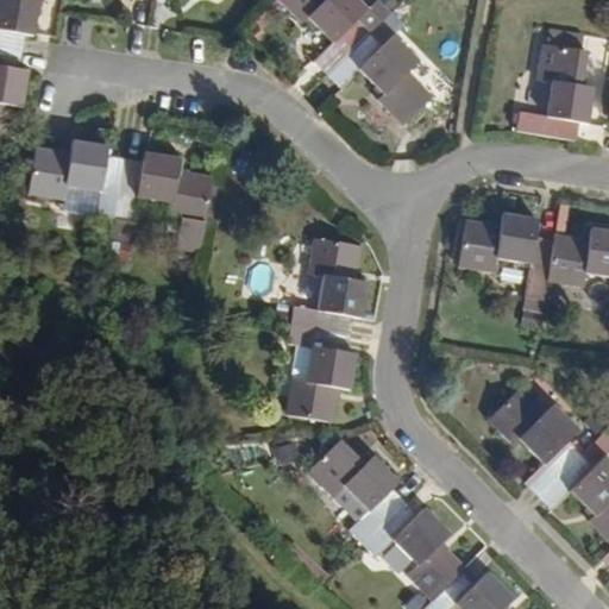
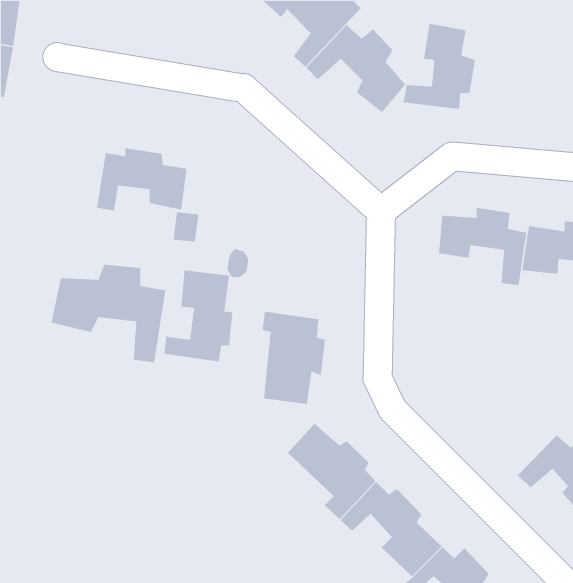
building: [517,45,594,136] -> [403,23,476,110]
building: [29,138,121,218] -> none
building: [287,237,359,333] -> [163,270,233,362]
building: none -> [50,264,166,363]
building: [497,390,591,496] -> none

